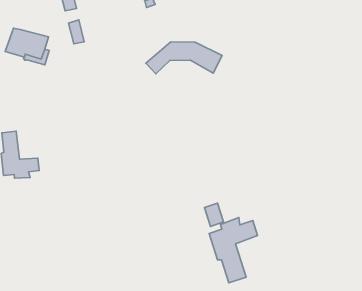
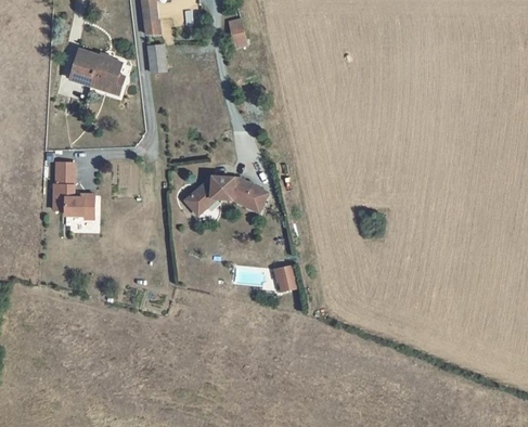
building: [146,42,222,74] -> [181,178,267,218]
building: [209,218,257,283] -> none

